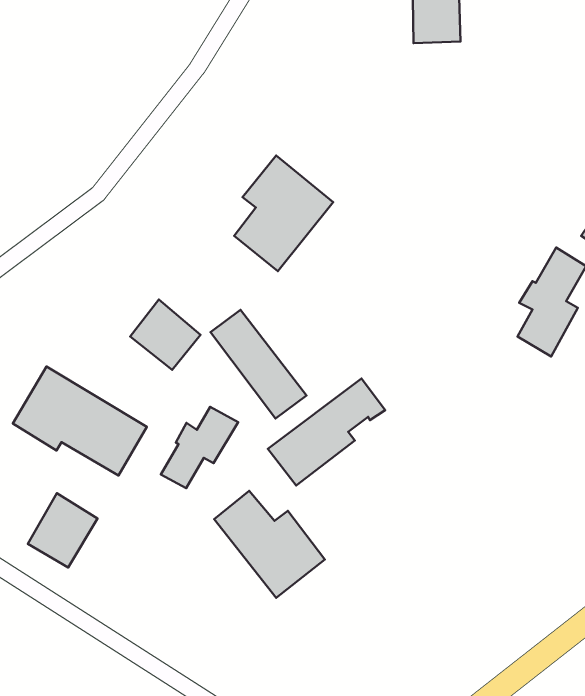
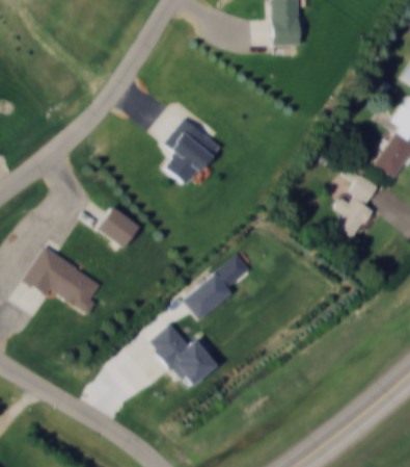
building: [210,310,307,419] -> none
building: [161,407,238,488] -> none
building: [28,493,97,568] -> none

